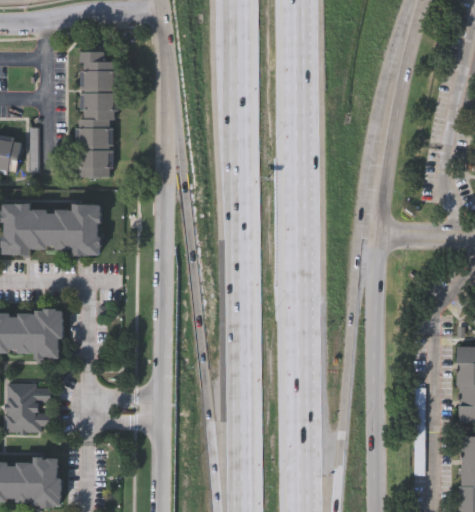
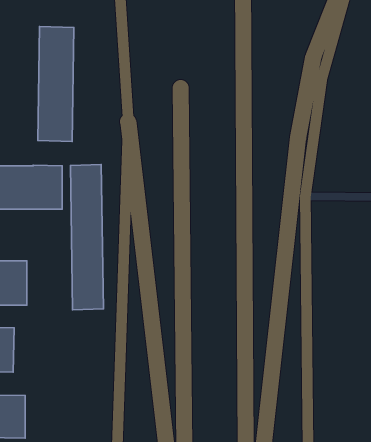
building: none -> [70,165,103,310]

